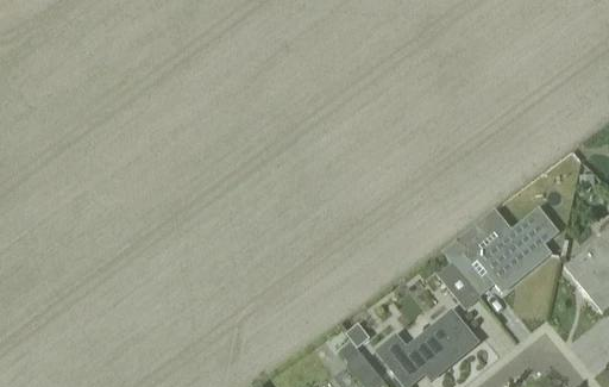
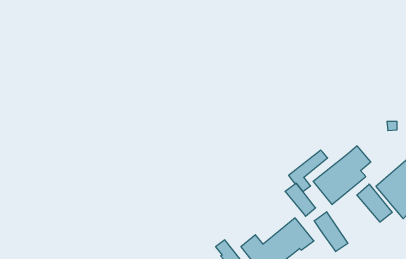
building: none -> [357,184,392,222]
building: none -> [314,212,348,252]

